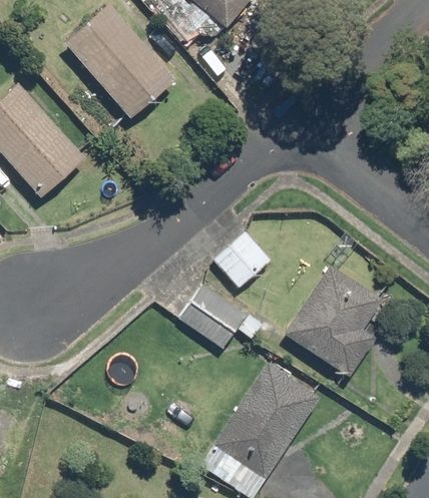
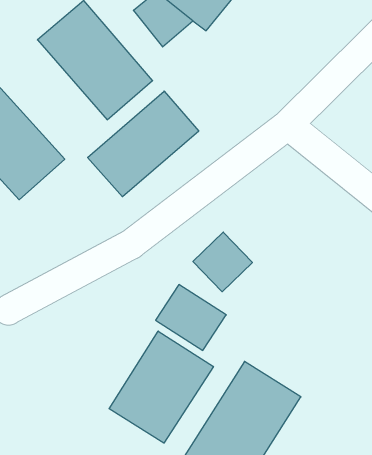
building: none -> [88,91,199,197]
building: [282,261,386,378] -> none
building: none -> [109,331,213,443]

